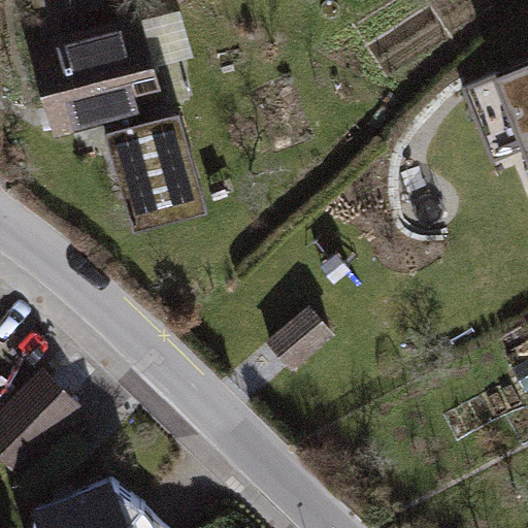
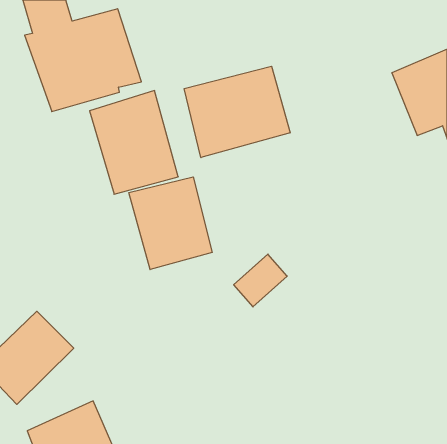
building: none -> [184,66,290,158]
building: none -> [129,177,212,270]

